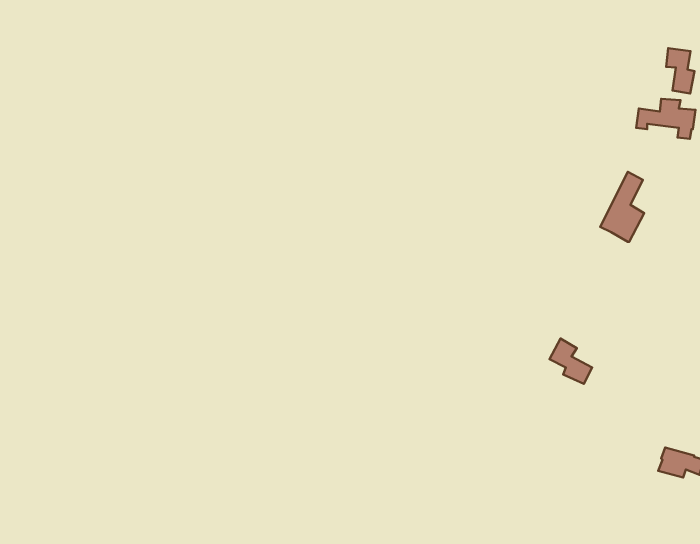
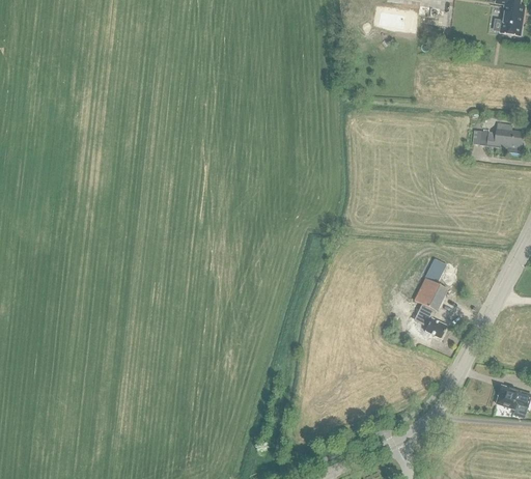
building: [666,48,694,94] -> none
building: [600,172,644,242] -> [414,257,447,310]

